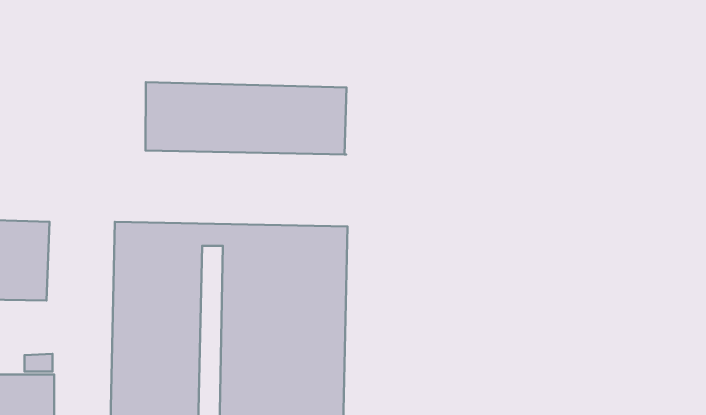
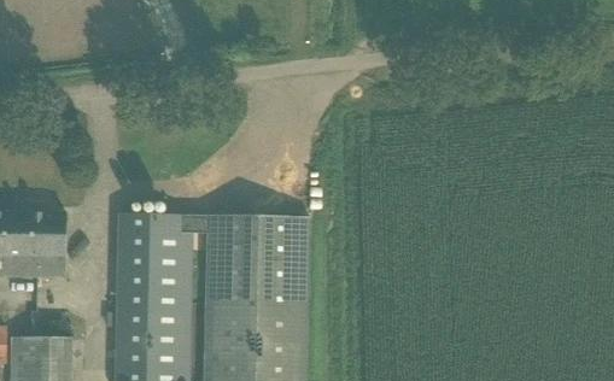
building: [145,82,347,155] -> none

